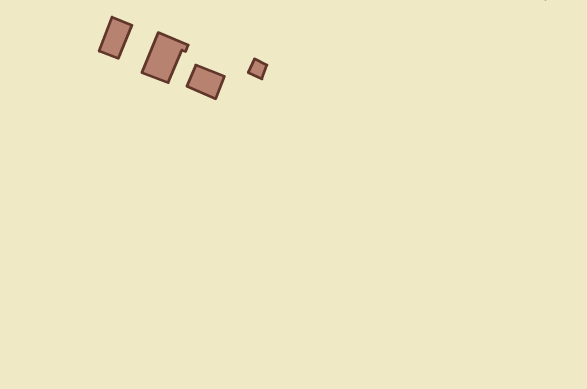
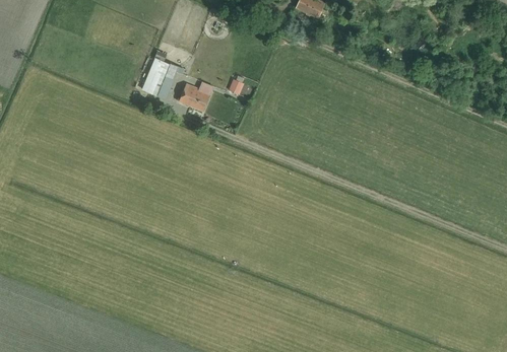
building: [99,17,132,58] -> none

